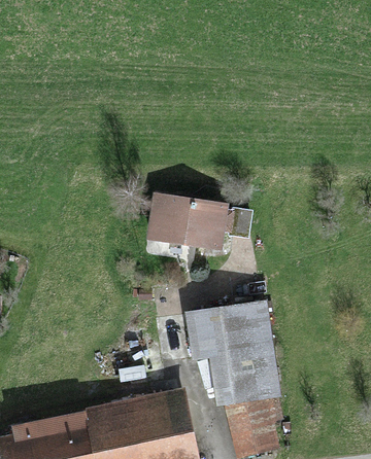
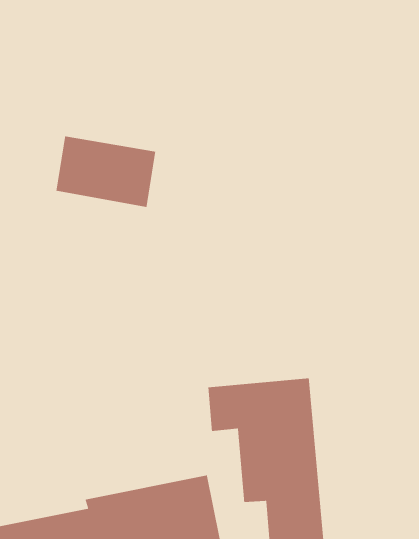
building: [151,192,232,250] -> [56,136,156,208]

